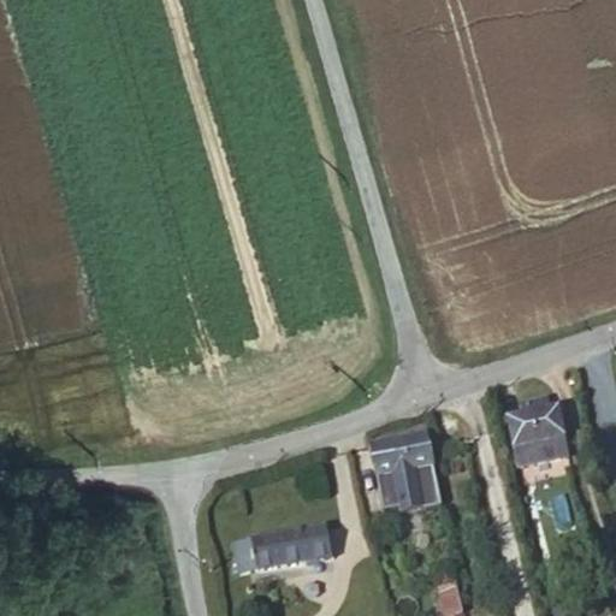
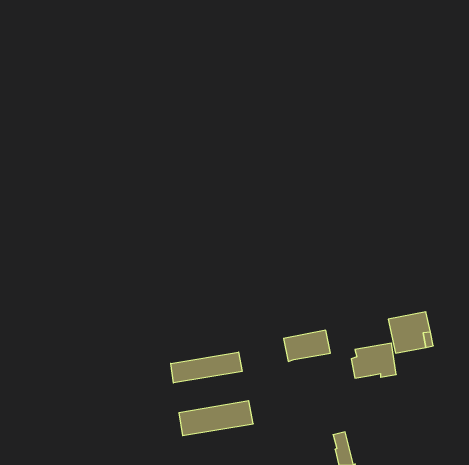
building: none -> [171,352,242,383]
building: [380,463,439,509] -> [351,343,396,378]

